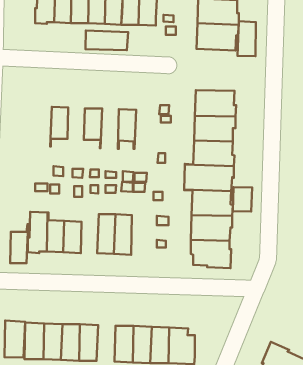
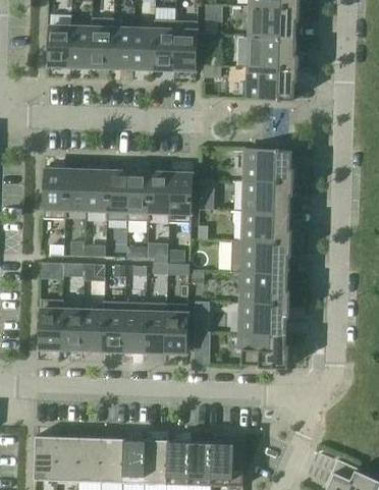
building: [237,21,256,56] -> none
building: [85,31,128,50] -> none
building: none -> [43,167,67,218]
building: none -> [87,170,108,210]
building: none -> [127,171,150,221]
building: none -> [169,173,193,222]
building: [233,187,252,212] -> none
building: none -> [165,303,187,351]
building: [10,224,28,263] -> [103,302,125,349]
building: [4,321,25,358] -> none
building: none -> [122,438,146,483]

